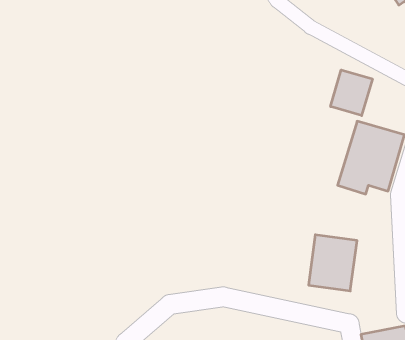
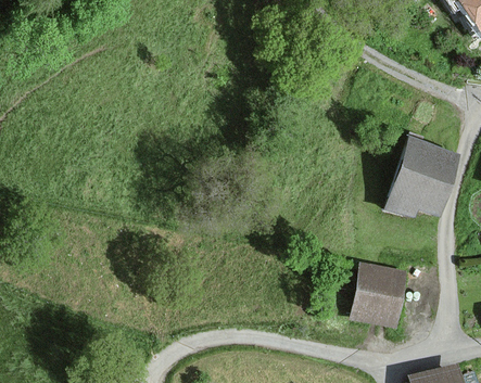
building: [331,70,372,116] -> none

